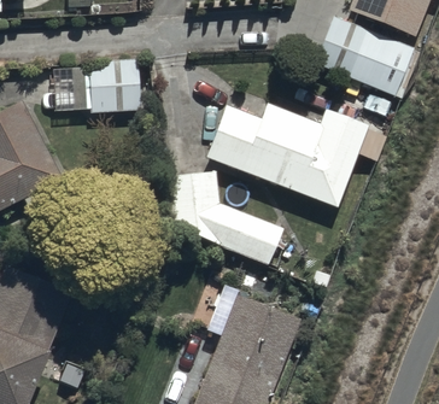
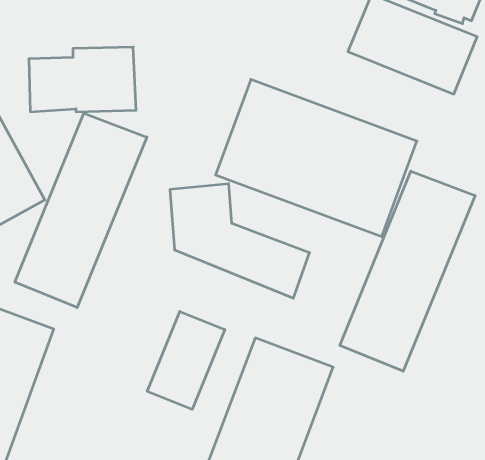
building: none -> [15,113,147,308]
building: none -> [340,171,475,371]
building: none -> [147,311,225,409]

